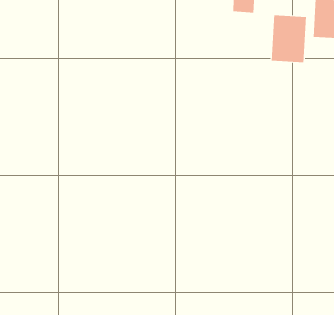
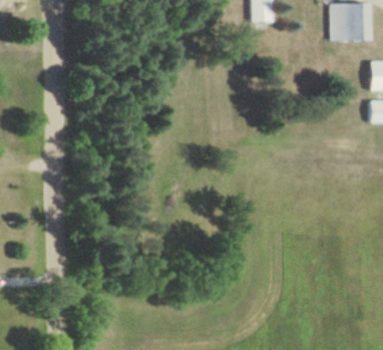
building: [271,15,306,63] -> none

